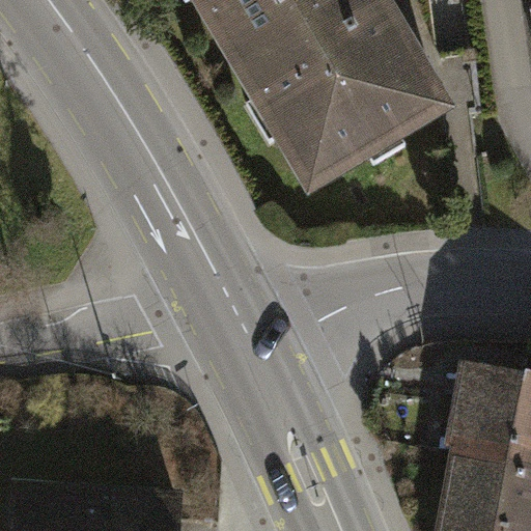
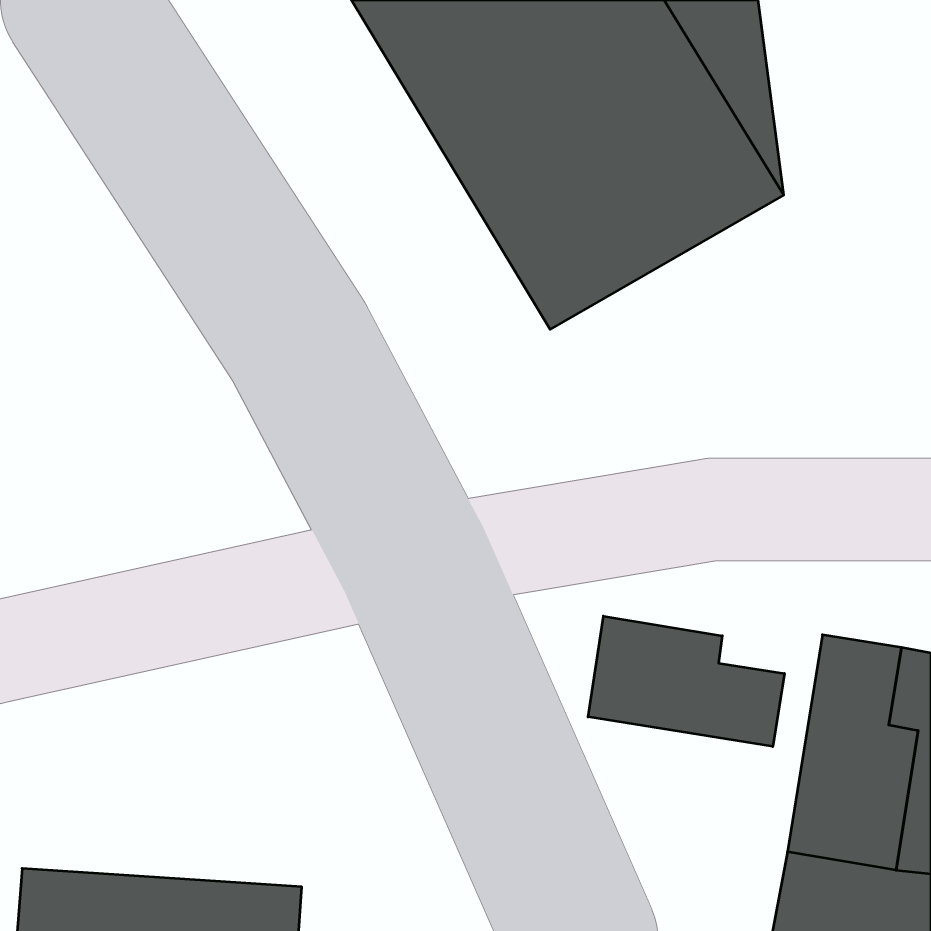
building: none -> [588,616,784,747]

